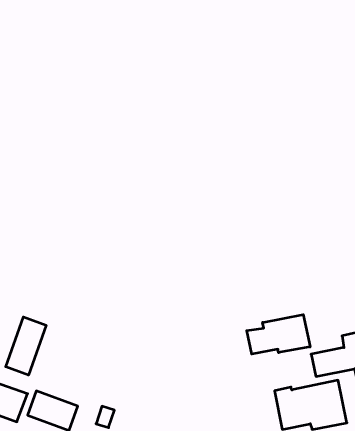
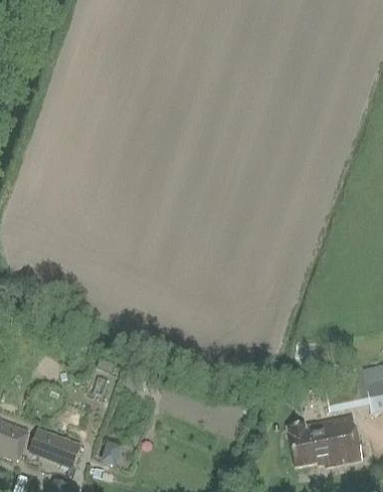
building: [247,315,310,354] -> none
building: [6,317,46,375] -> none

